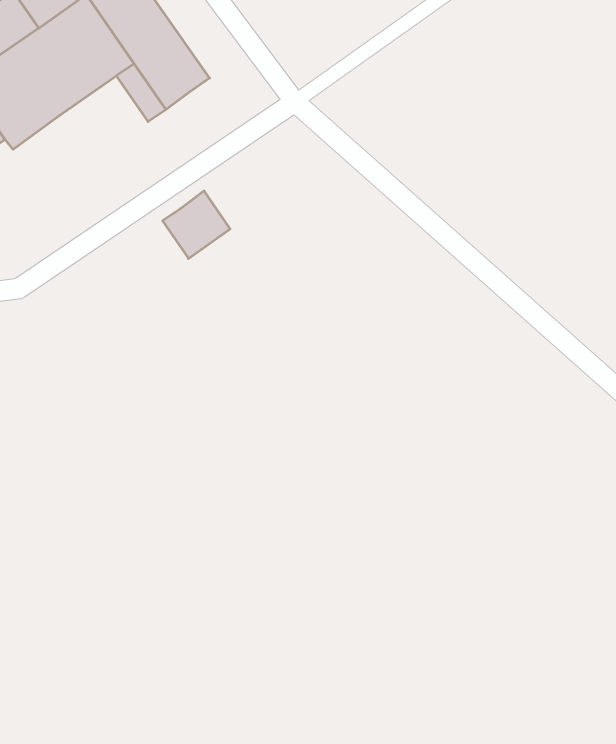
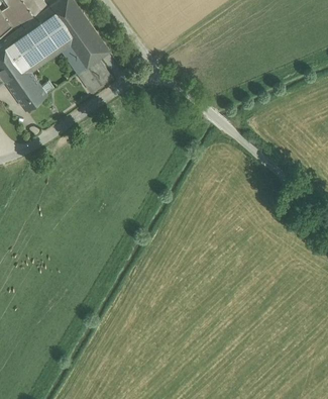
building: none -> [9,71,47,110]
building: [163,191,230,259] -> [78,58,112,92]

